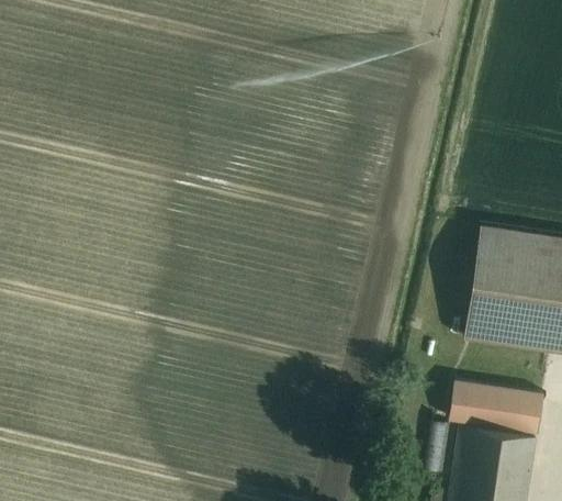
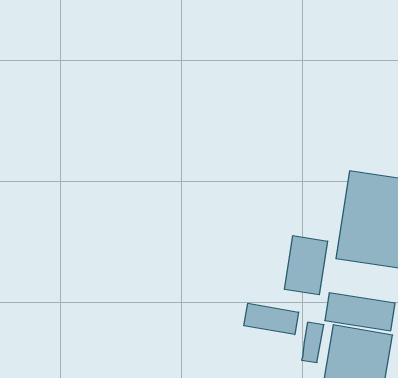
building: none -> [285,236,328,295]
building: none -> [244,303,299,335]

